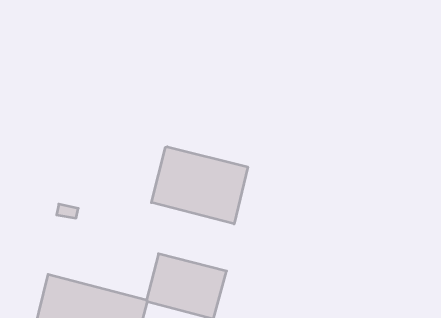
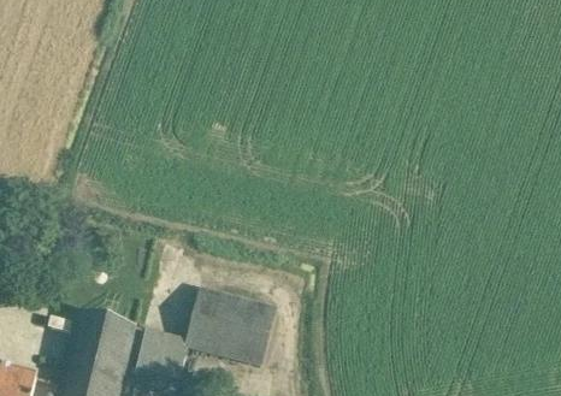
building: [151,147,248,224] -> none

